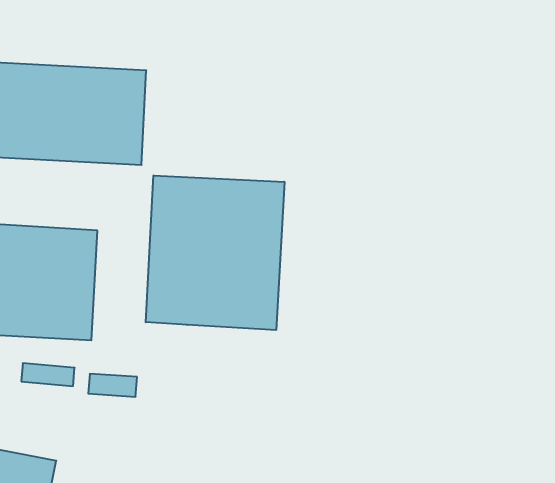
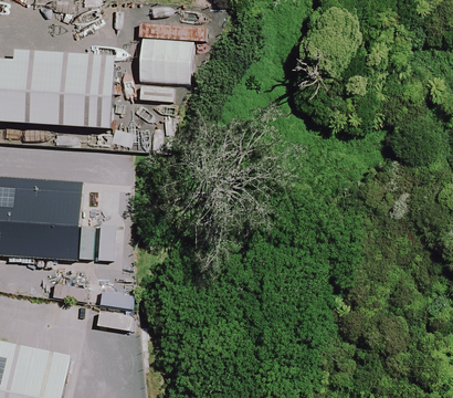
building: none -> [134,35,186,97]
building: [146,175,284,330] -> none

